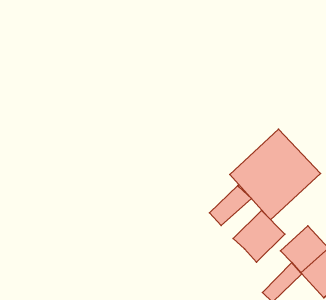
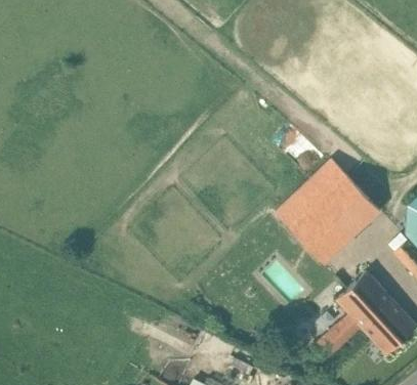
building: [209,186,251,225] -> none
building: [233,210,285,262] -> none

